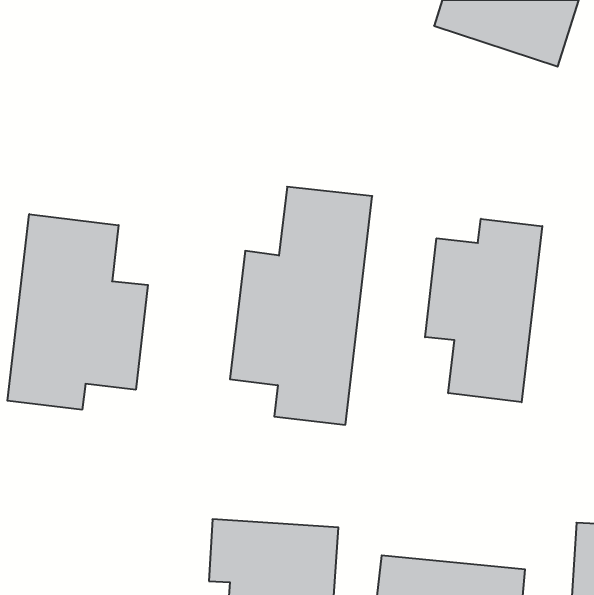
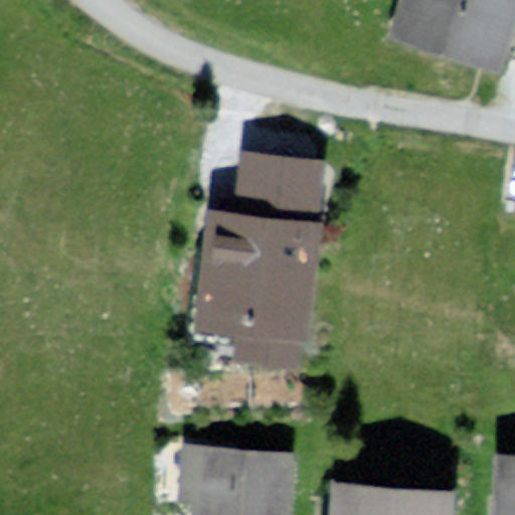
building: [7,214,148,410] -> none
building: [425,219,542,402] -> none

